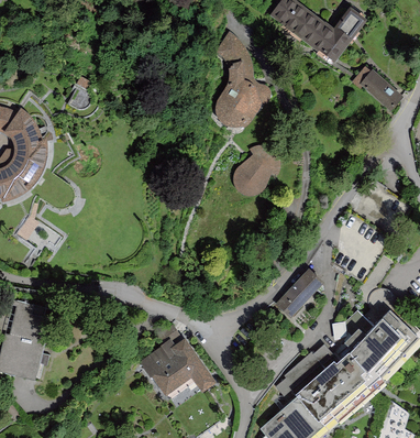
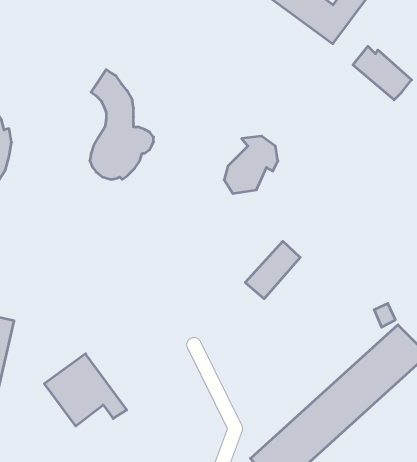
building: [213,31,269,128] -> [90,70,154,179]
building: [274,267,322,318] -> [245,241,300,299]
building: [143,333,215,397] -> [44,354,127,426]

